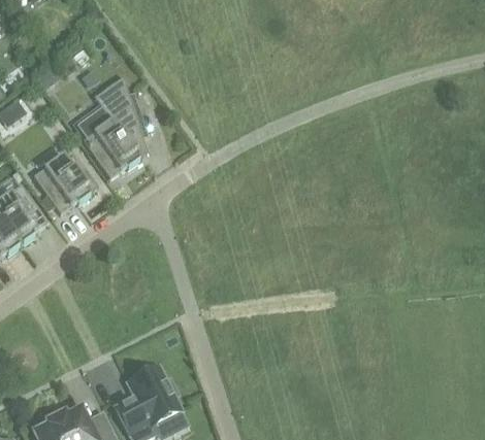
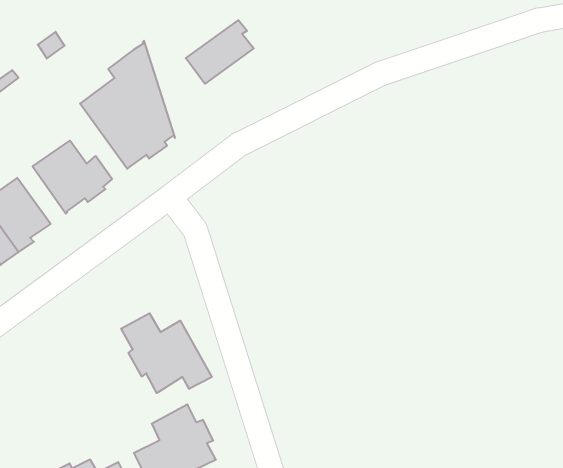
building: none -> [186,20,254,84]
building: none -> [121,313,212,393]

